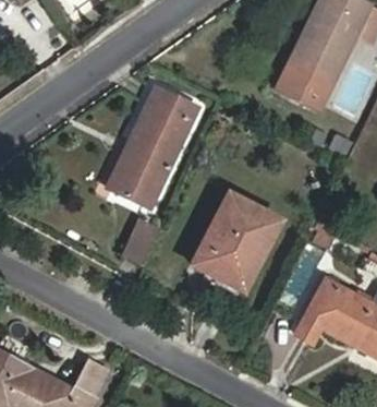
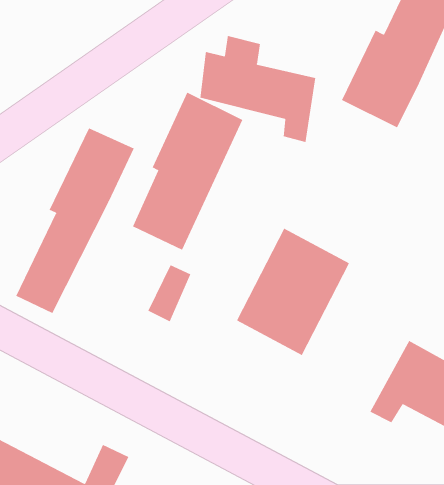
building: none -> [200,35,316,143]
building: none -> [15,127,134,314]

